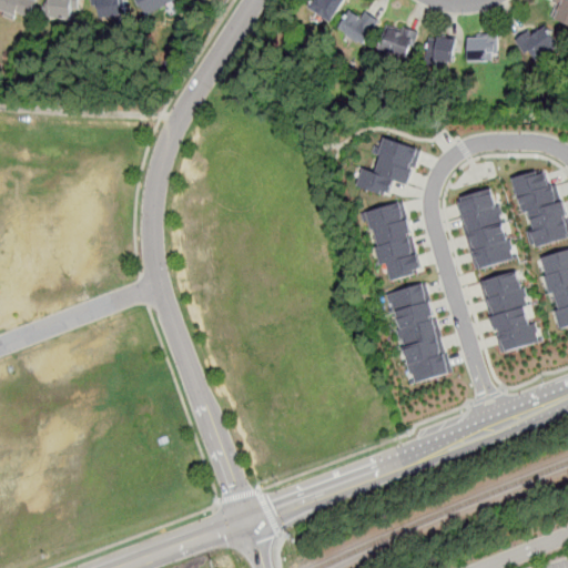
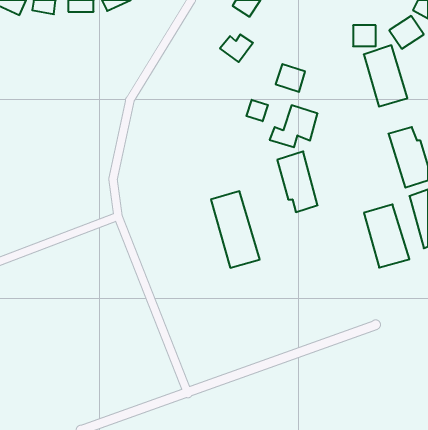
building: [335,8,378,44] -> [220,34,253,62]
building: [376,21,415,58] -> [276,64,305,92]
building: [425,37,453,61] -> none
building: none -> [246,100,268,121]
building: [456,187,514,268] -> [364,45,407,107]
building: [385,282,449,383] -> [211,191,260,268]

